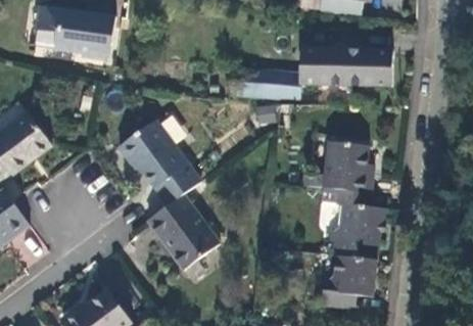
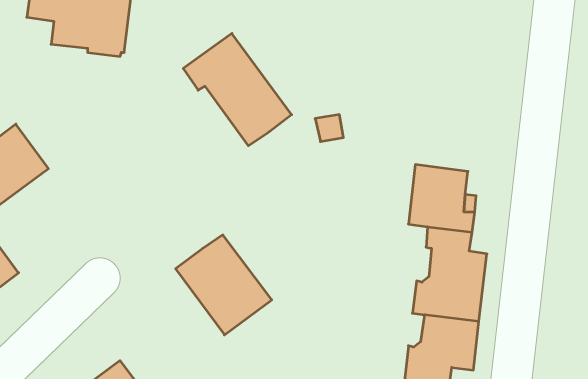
building: [231,48,391,99] -> none
building: [119,120,200,204] -> [183,33,292,146]

